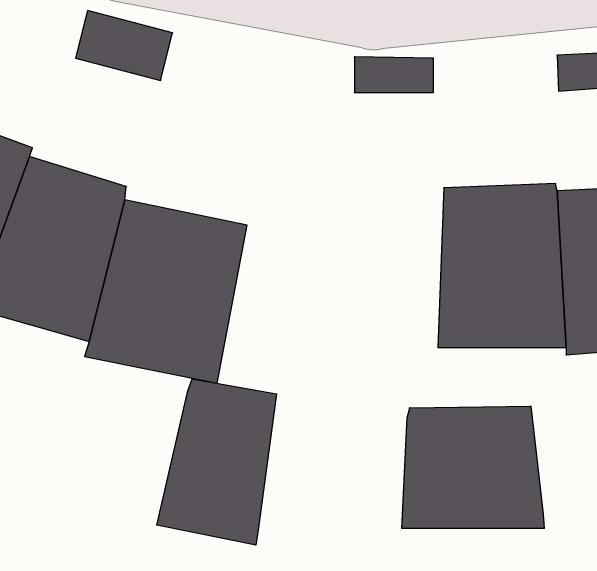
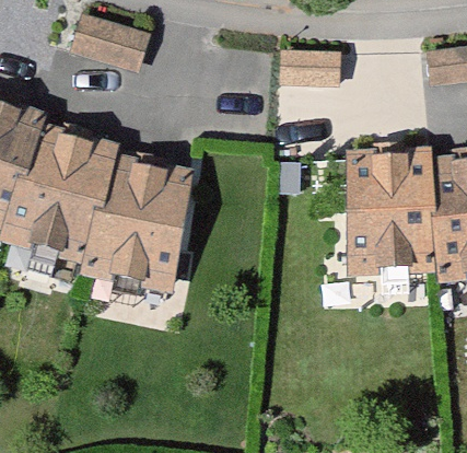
building: [157,379,277,545] -> none
building: [402,406,544,528] -> none

